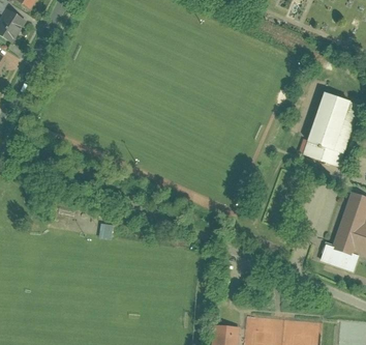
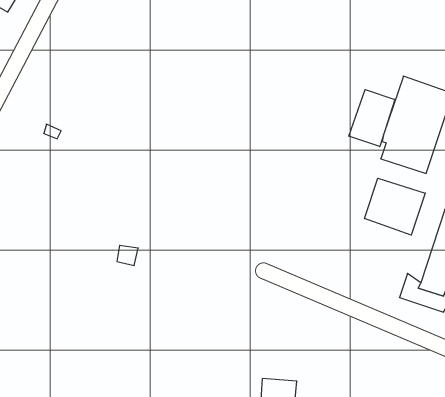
building: none -> [349,90,395,147]
building: none -> [365,178,425,235]

